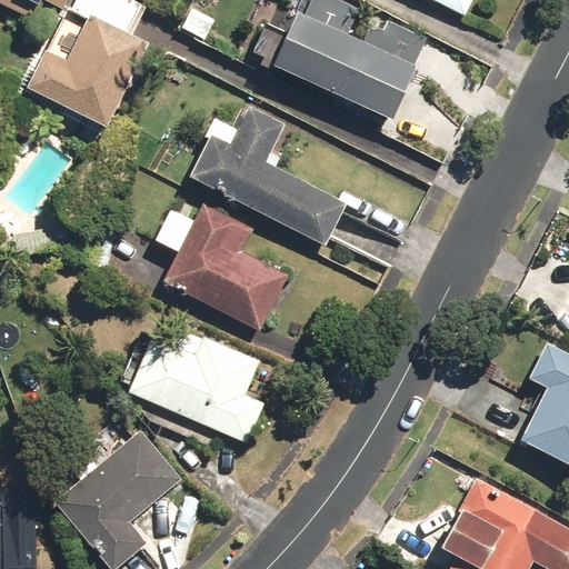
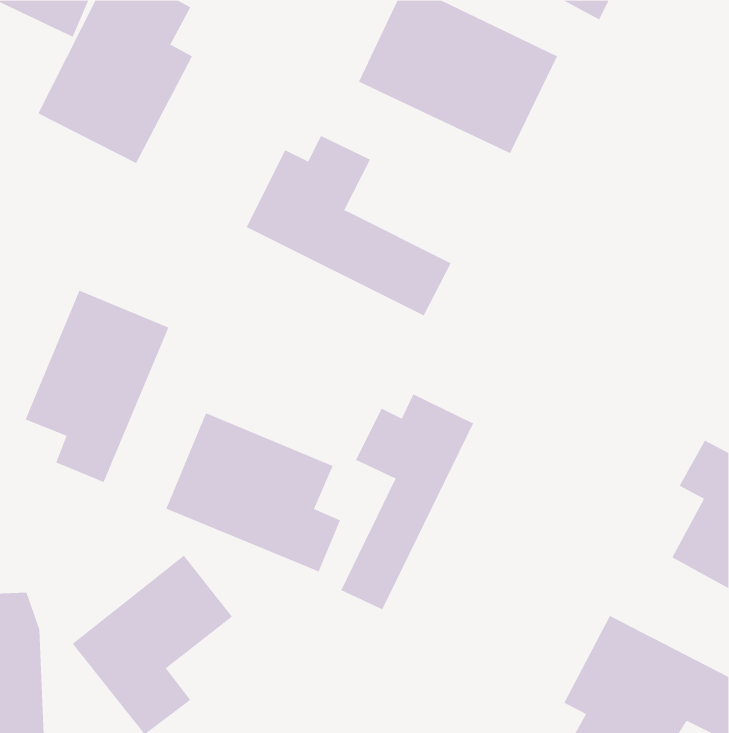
building: [152,207,284,329] -> none
building: none -> [25,290,169,483]
building: none -> [340,394,474,610]

